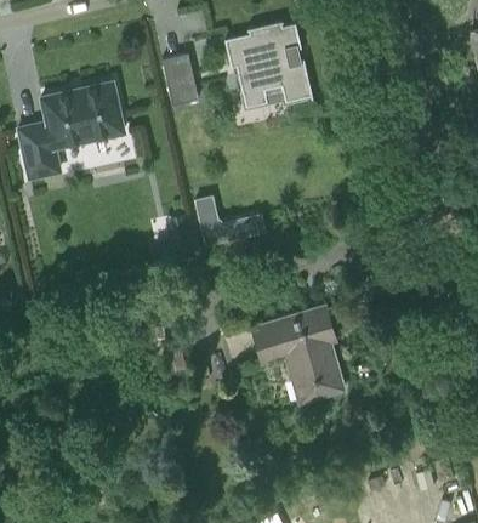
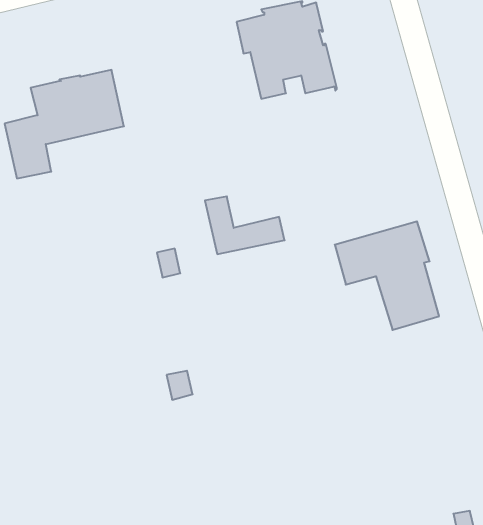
building: [163,55,199,107] -> none
building: [252,307,345,403] -> [335,221,439,330]

